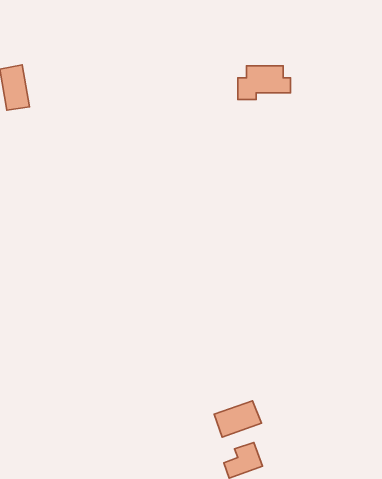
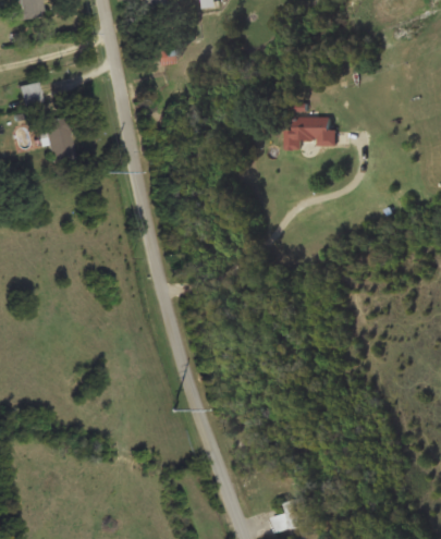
building: [214,401,261,437] -> none

